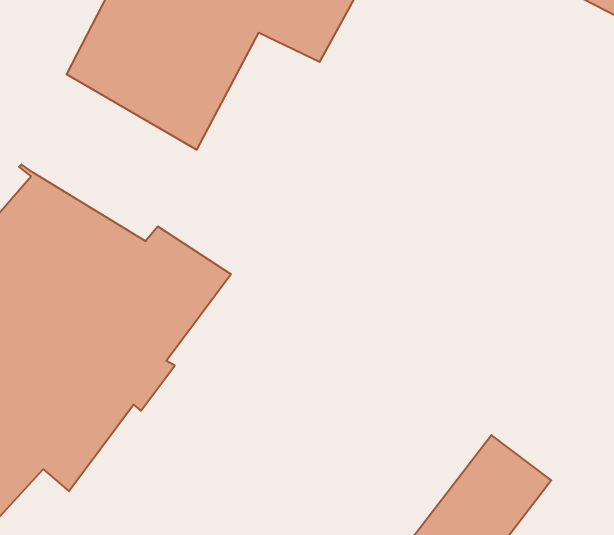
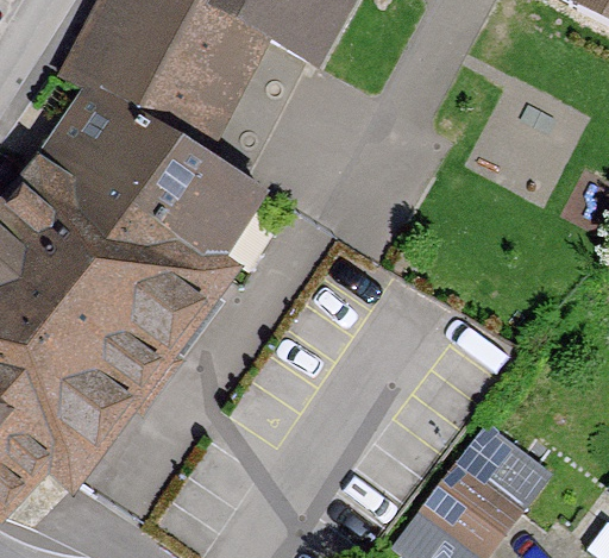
building: none -> [25,76,264,263]

